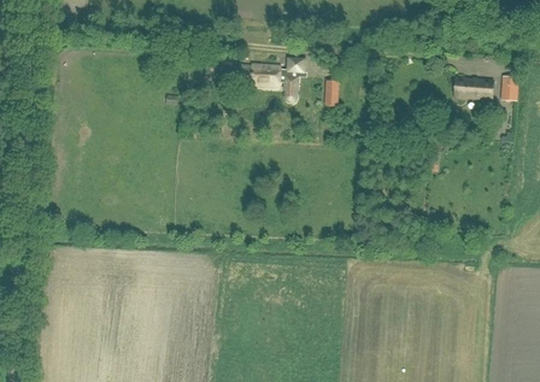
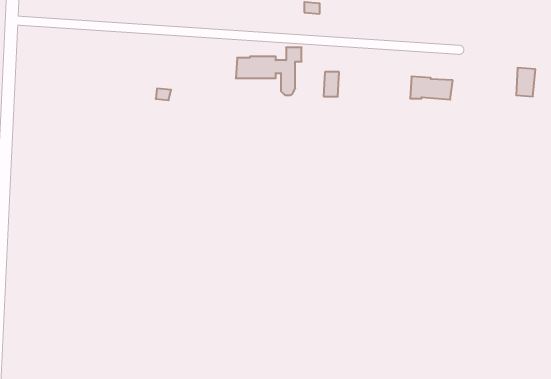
building: [453,78,493,100] -> [410,76,453,100]

